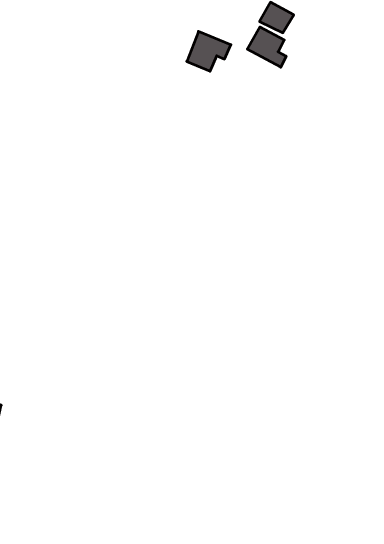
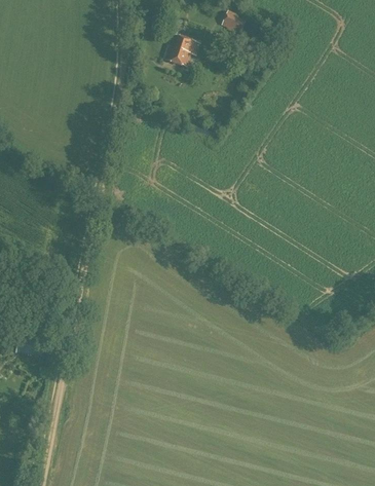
building: [247,27,286,67] -> none

